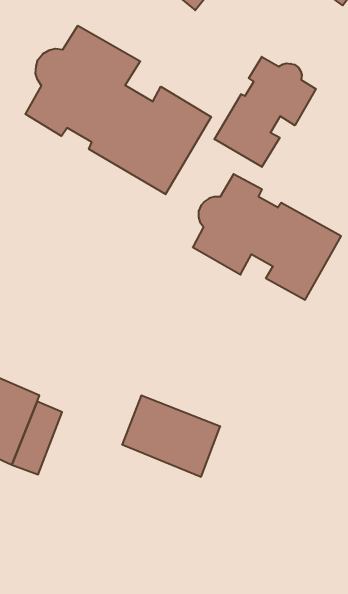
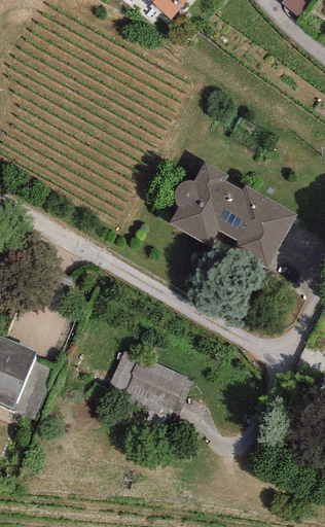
building: [25,26,211,194] -> none
building: [214,57,316,167] -> none

